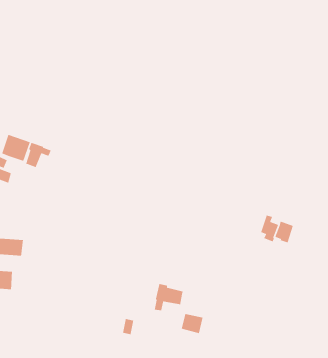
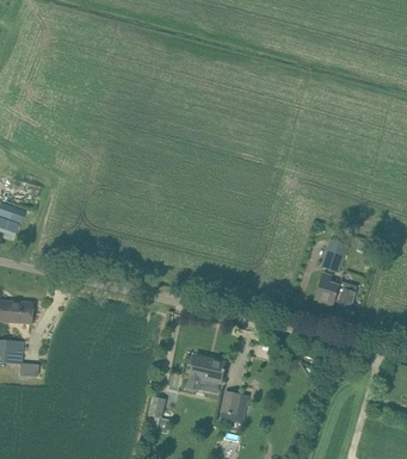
building: [25,142,52,168] -> none
building: none -> [321,238,347,272]

